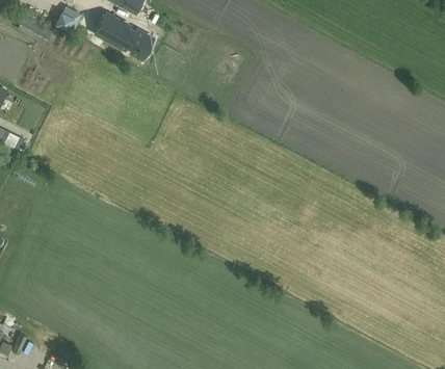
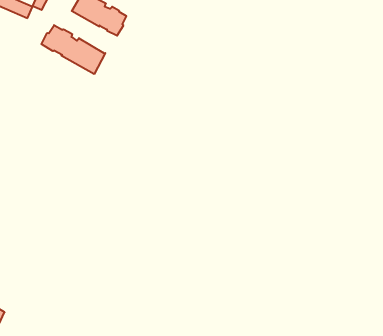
building: none -> [41,25,105,74]

